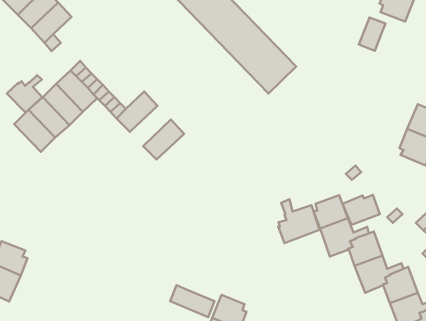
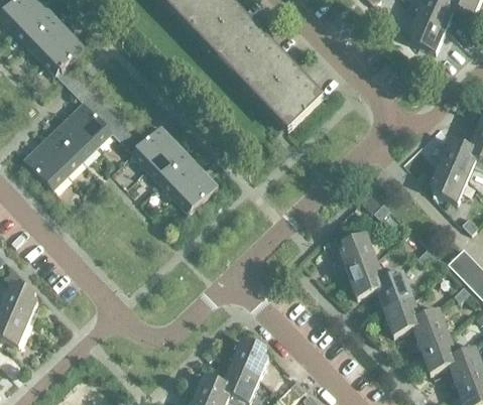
building: [359,18,385,51] -> none
building: [7,75,42,113] -> none
building: none -> [145,139,189,181]
building: none -> [173,168,217,212]
building: [343,195,380,225] -> none
building: [278,199,320,243] -> none
building: [170,285,214,317] -> none

